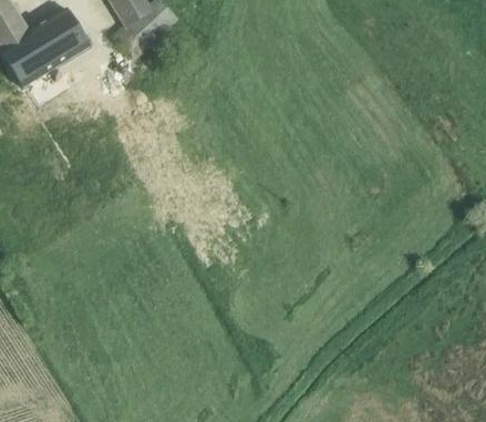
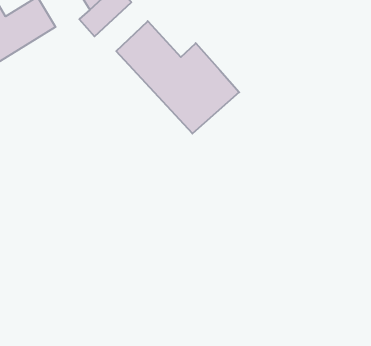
building: none -> [116,21,239,134]

